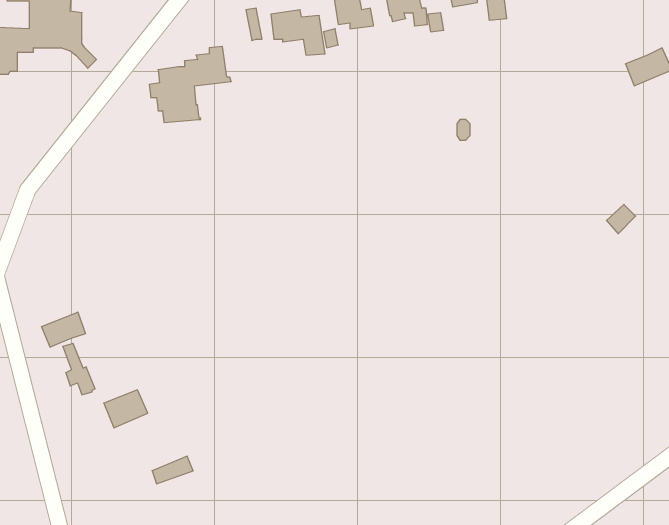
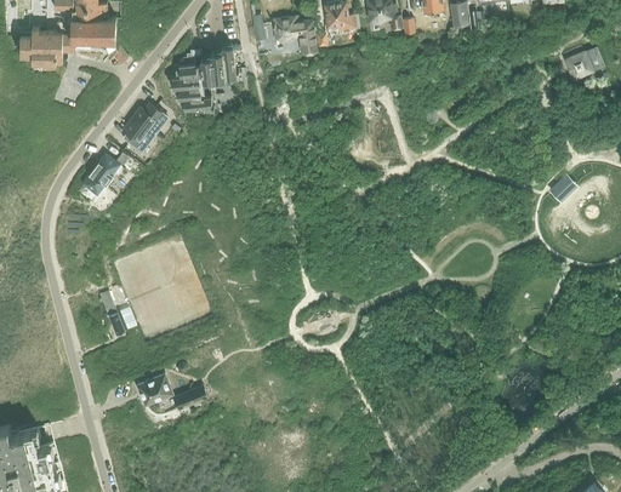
building: none -> [123,104,166,151]
building: none -> [82,151,126,195]
building: [41,312,86,347] -> none
building: [104,390,148,428] -> [136,374,172,406]

